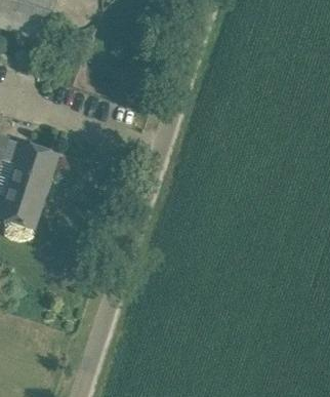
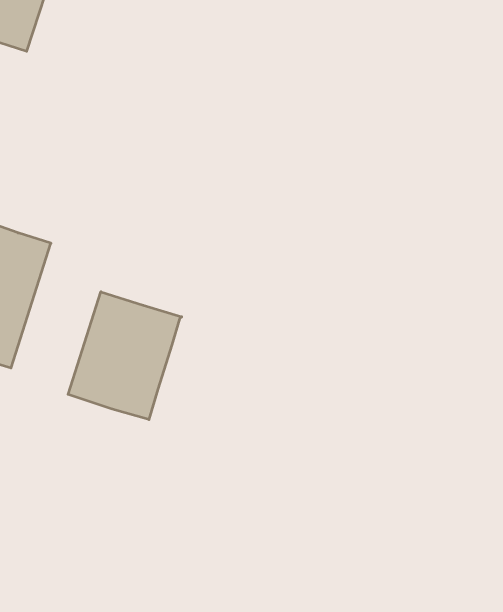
building: none -> [68,292,182,420]

